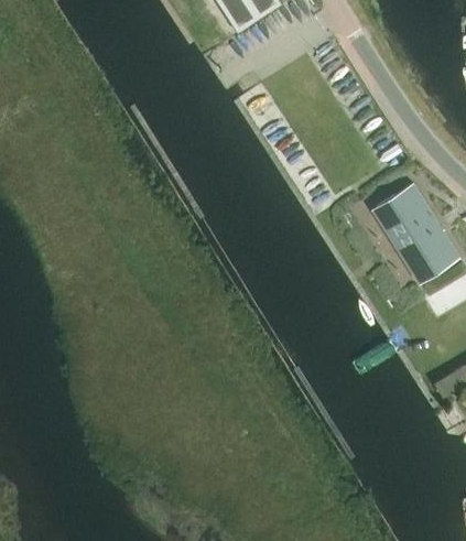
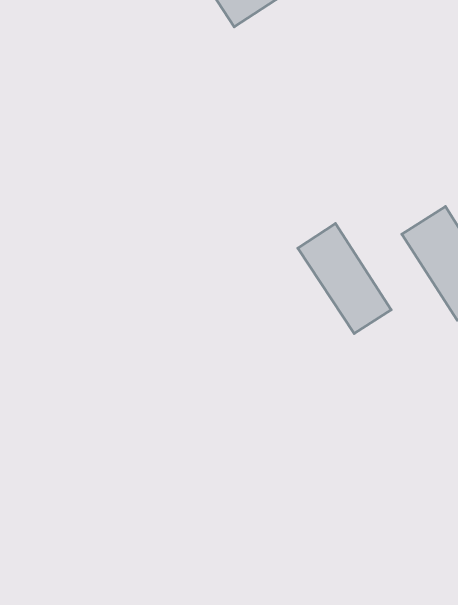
building: none -> [298,224,391,333]

